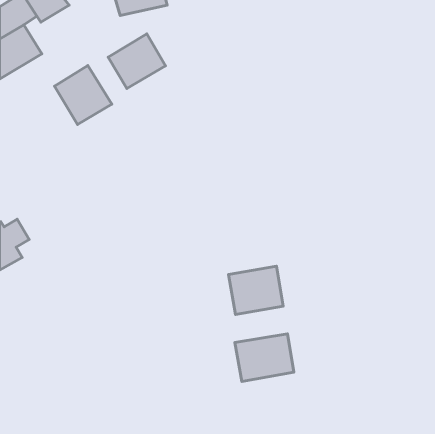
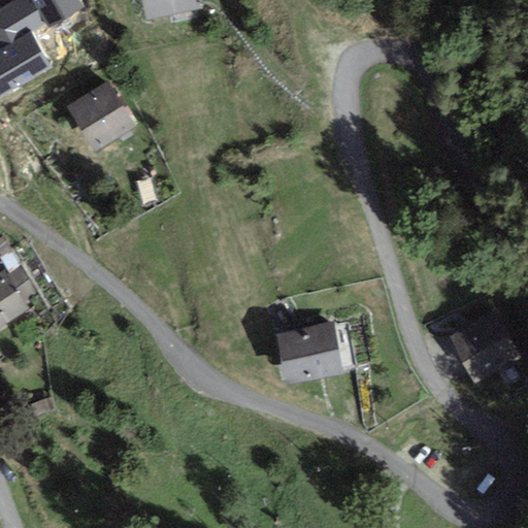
building: [108,34,165,89] -> none
building: none -> [448,307,522,381]
building: [235,334,294,382] -> none

